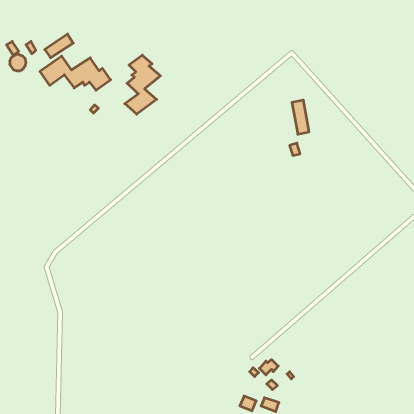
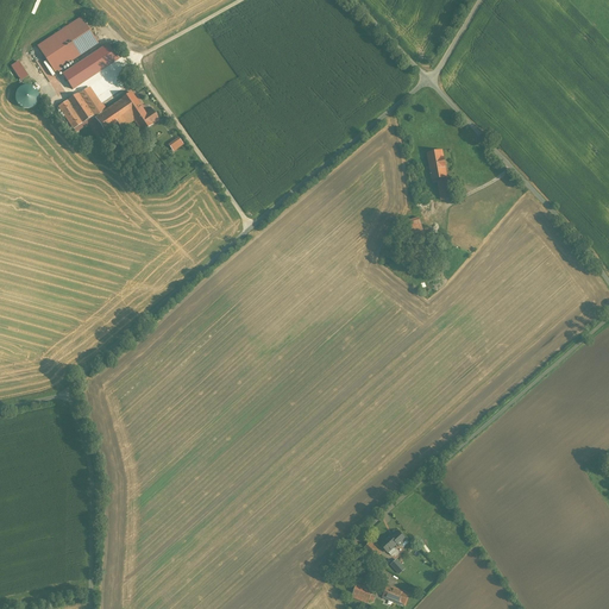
building: none -> [37,17,96,69]
building: [125,55,160,114] -> none

